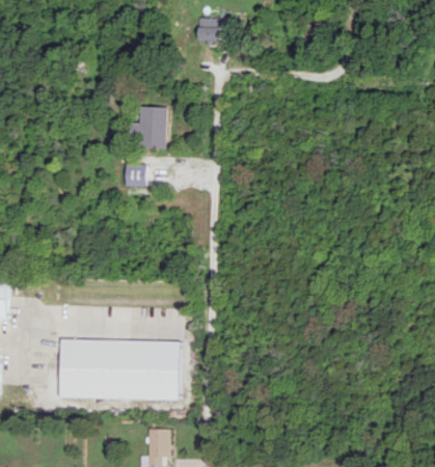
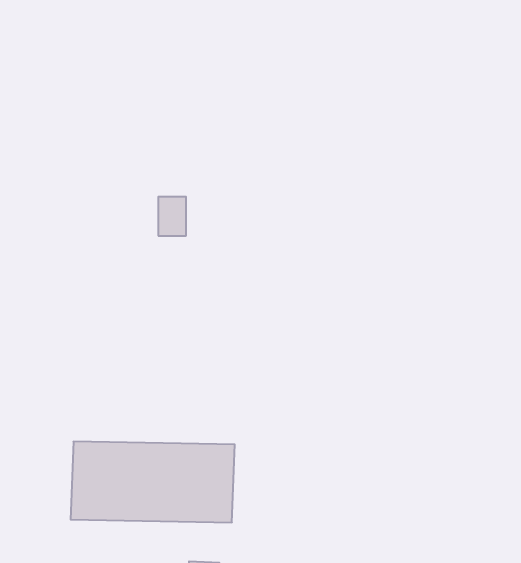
building: [199,18,223,40] -> none
building: [130,107,166,148] -> none

